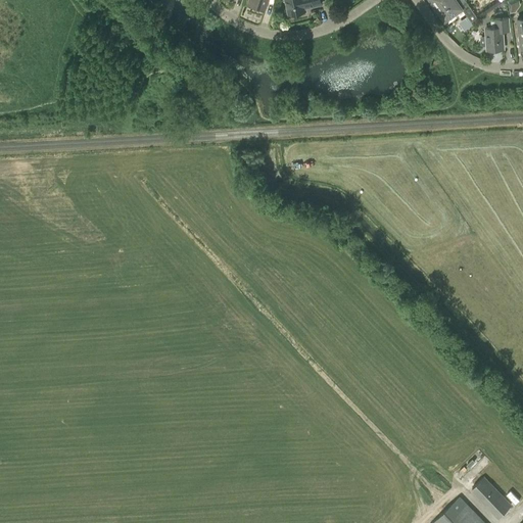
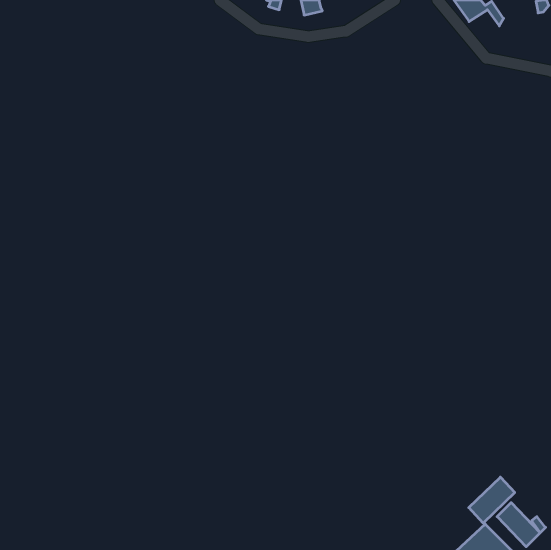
building: [480,19,509,51] -> none
building: none -> [469,477,515,523]

